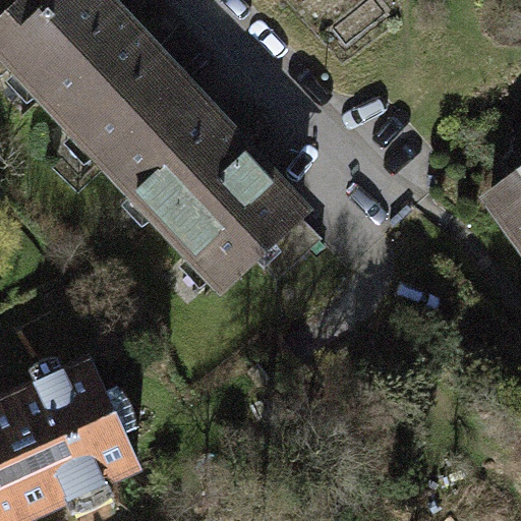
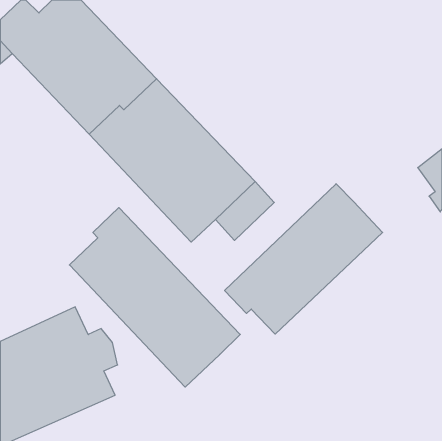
building: none -> [225,184,383,334]
building: none -> [69,208,240,387]

